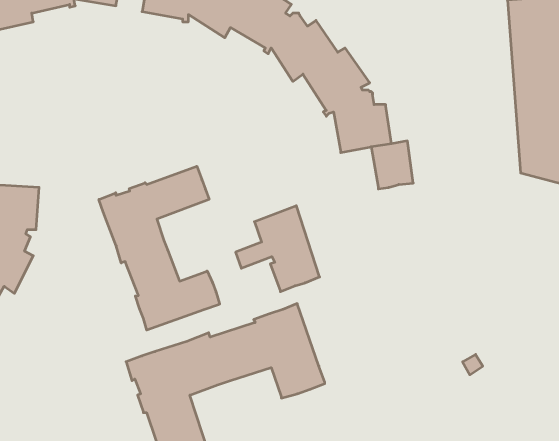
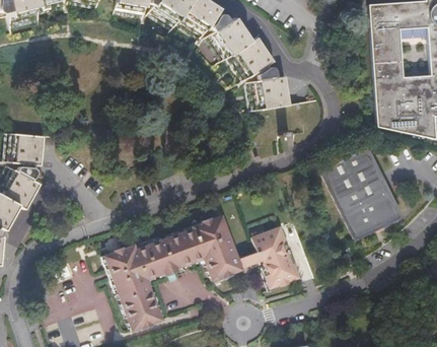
building: [99,166,220,330] -> none
building: none -> [320,145,402,237]
building: [236,206,320,292] -> [238,226,297,286]

